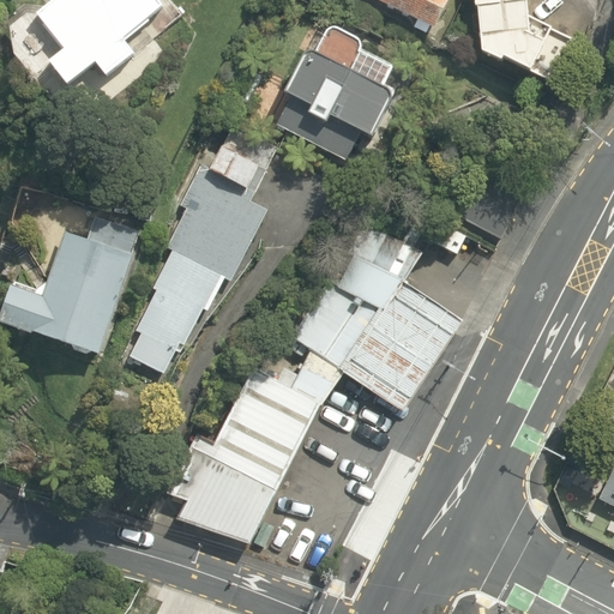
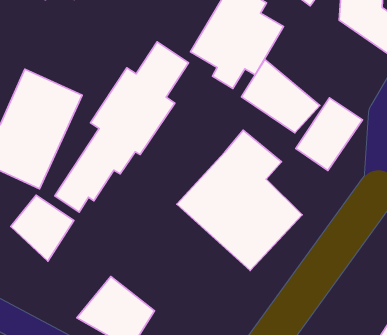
building: none -> [241,60,320,133]
building: [218,338,347,490] -> none
building: none -> [11,195,74,261]

